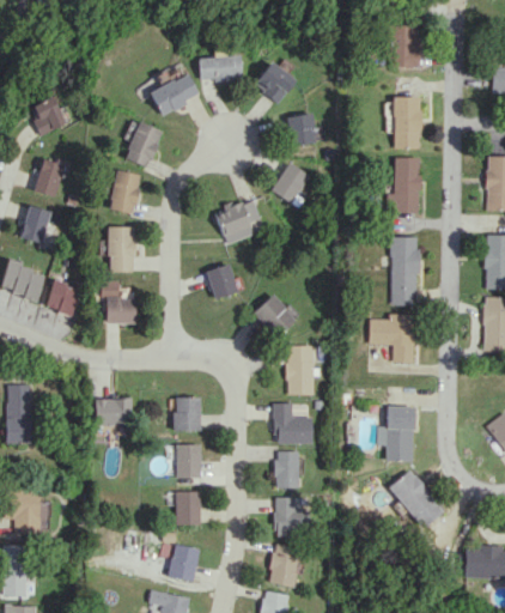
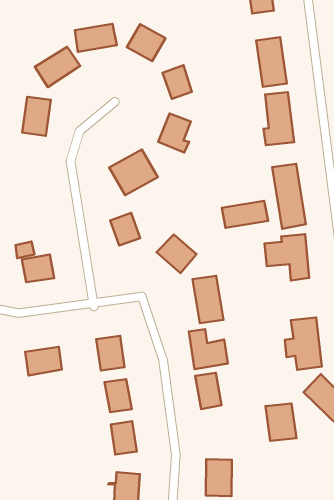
building: [109,170,142,213] -> none
building: [109,226,135,272] -> none
building: none -> [222,201,268,228]
building: [274,497,303,536] -> [265,404,296,441]

